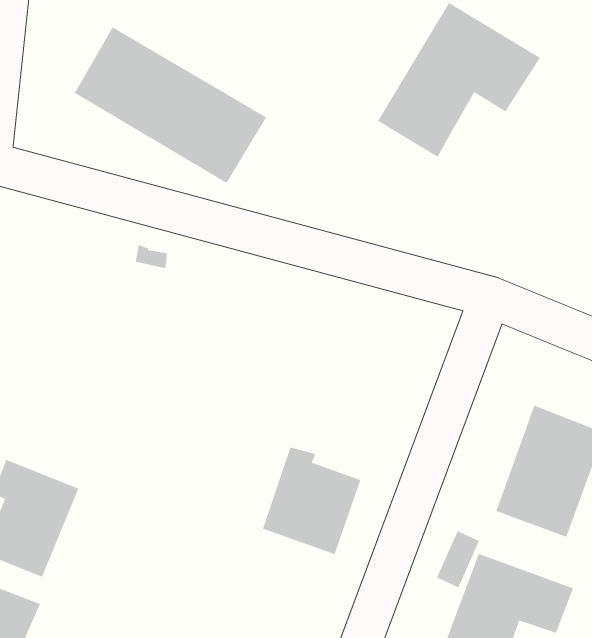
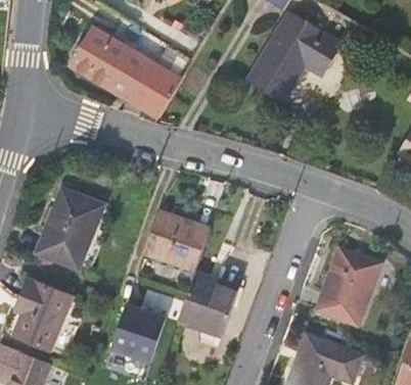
building: none -> [37,189,102,268]
building: none -> [145,211,210,269]
building: none -> [110,287,184,363]

